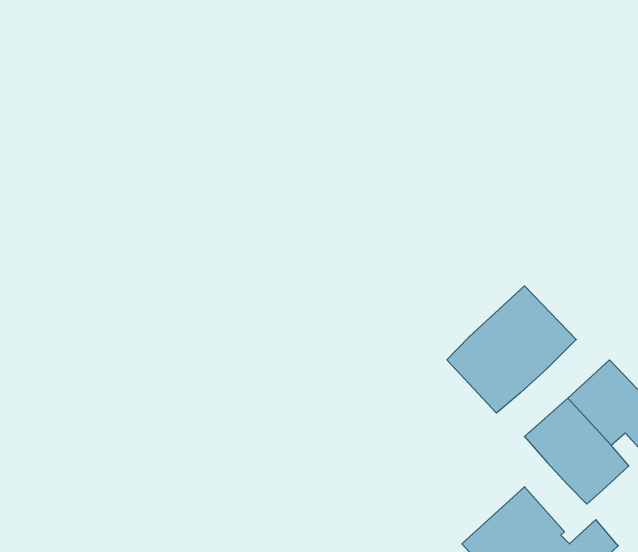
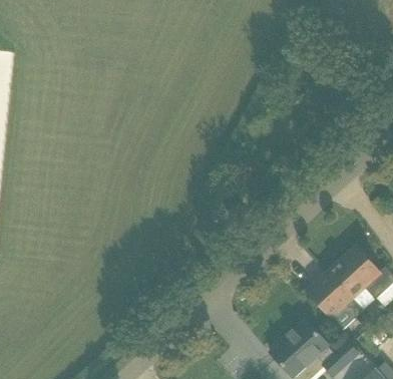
building: [447,286,576,413] -> none

